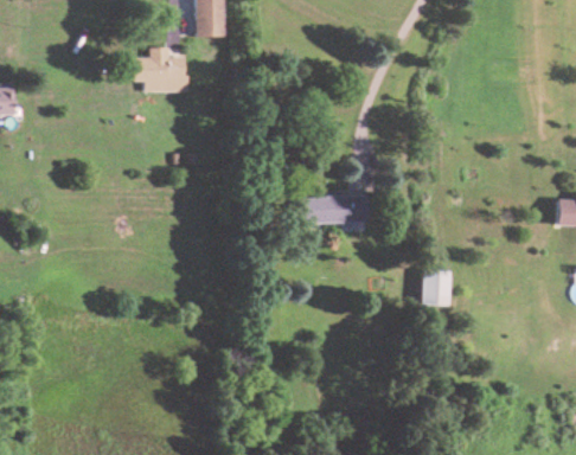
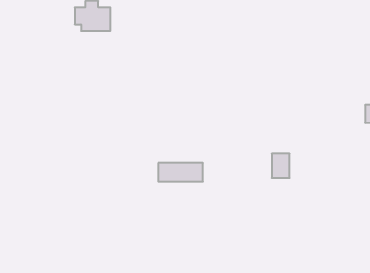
building: [305,196,370,223] -> [158,163,203,182]

